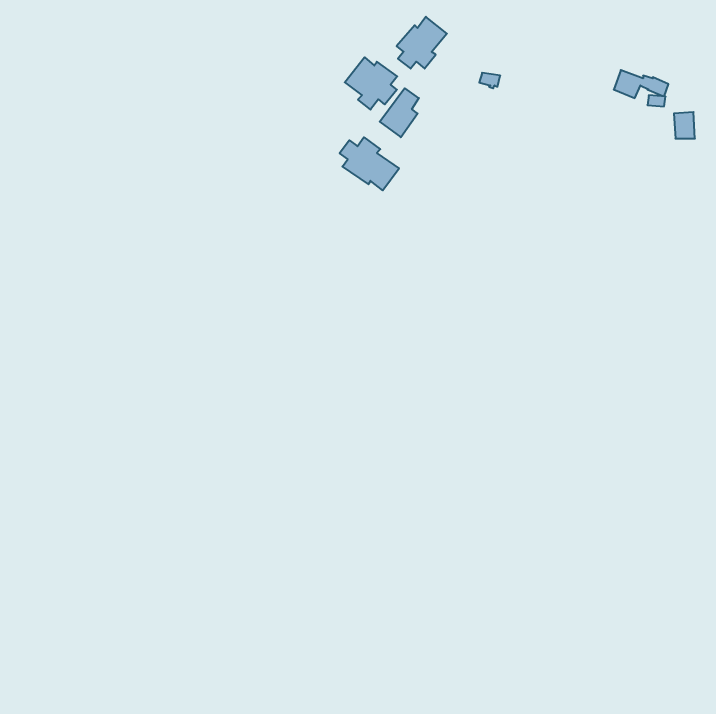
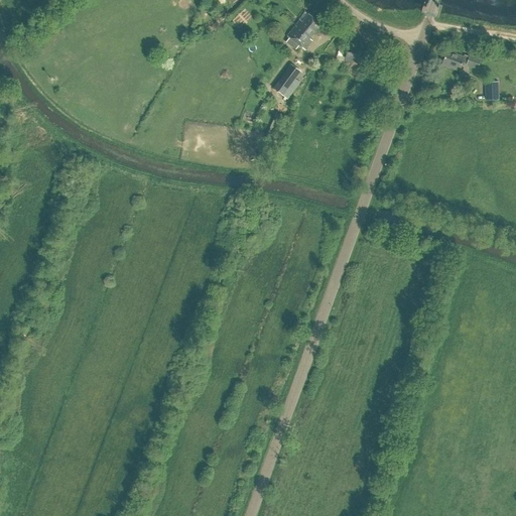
building: [345,57,397,110] -> none
building: [340,137,399,190] -> none

